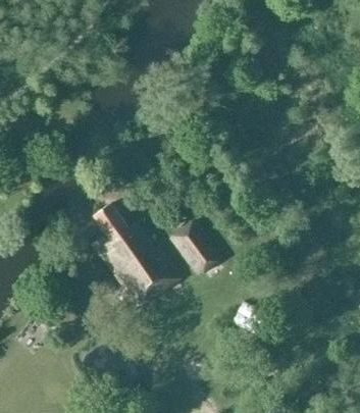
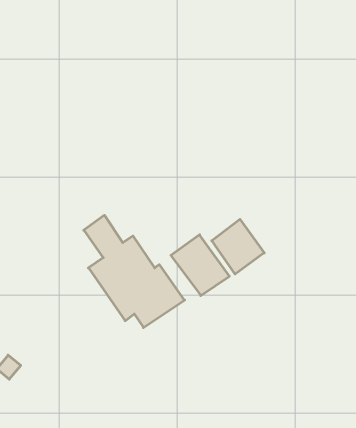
building: none -> [212,219,264,274]

